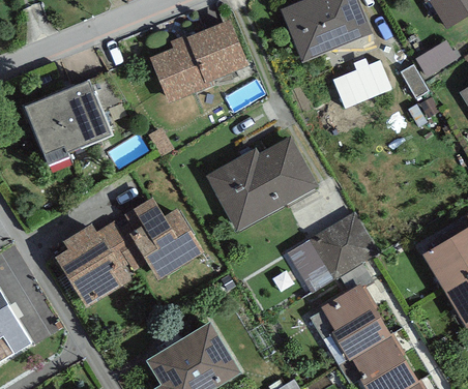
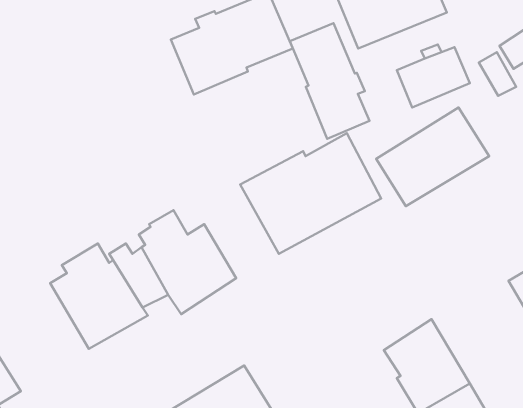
building: none -> [290,23,370,139]
building: [25,78,110,161] -> none
building: [288,213,379,293] -> [376,107,489,206]

